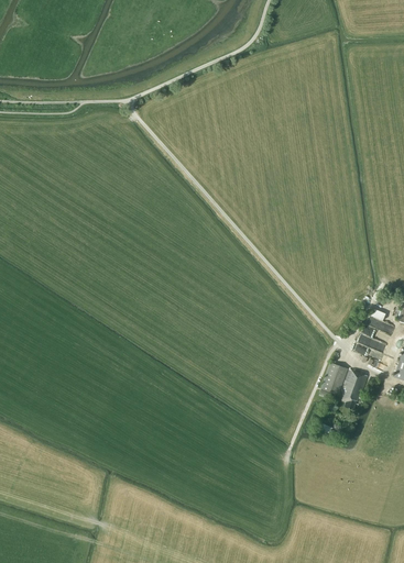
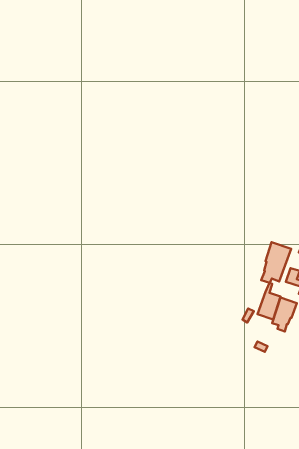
building: none -> [261,242,291,283]

